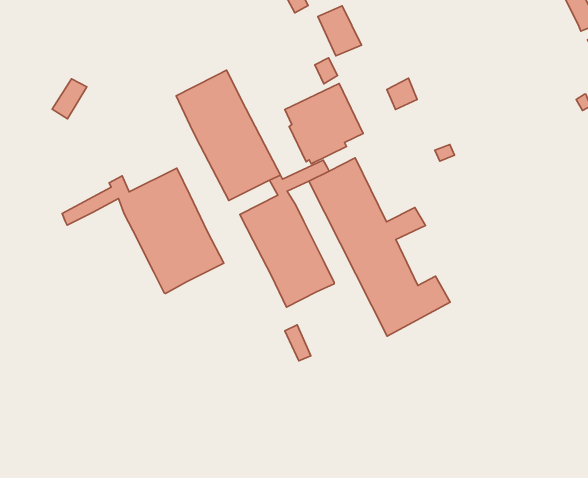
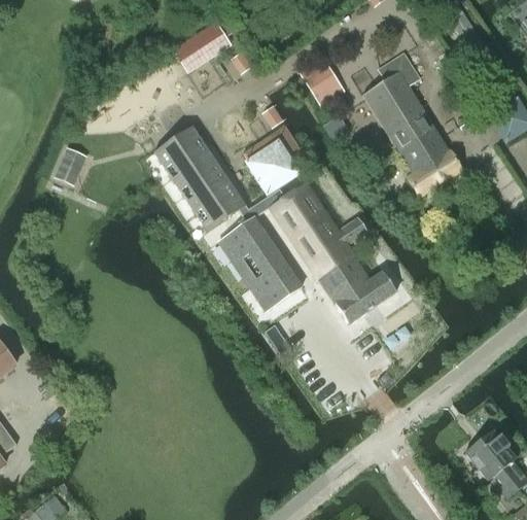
building: [318,6,361,56] -> [302,61,340,102]
building: none -> [362,71,461,197]
building: [62,168,224,293] -> none

